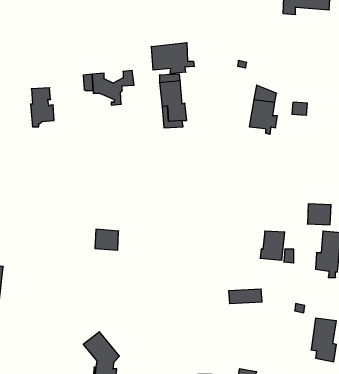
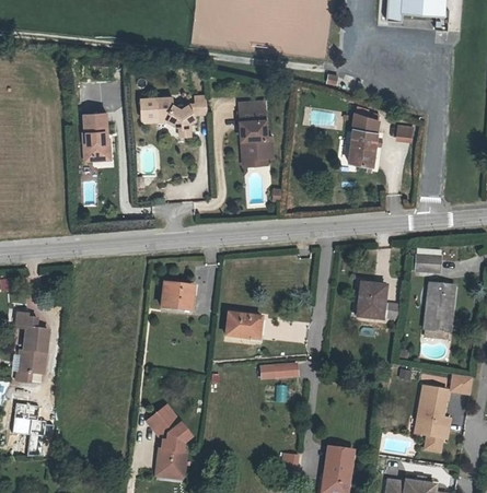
building: [151,43,194,74] -> none
building: none -> [229,319,262,343]
building: [229,289,262,304] -> [259,366,300,384]

